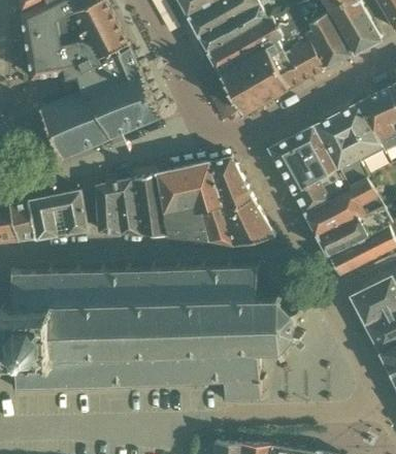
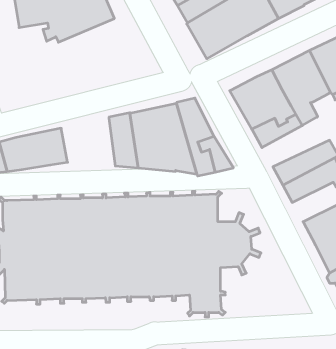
building: [29,67,158,168] -> none
building: [304,179,381,234] -> none
building: [96,180,139,234] -> none

